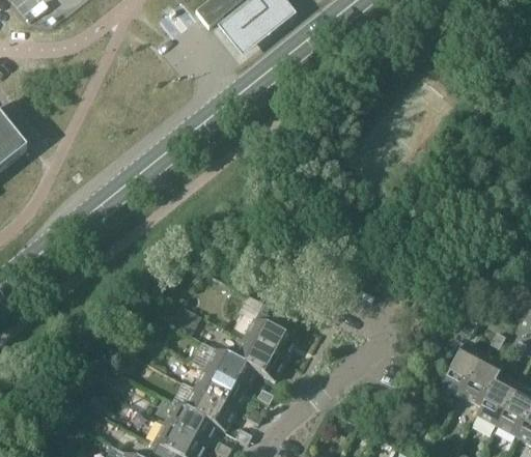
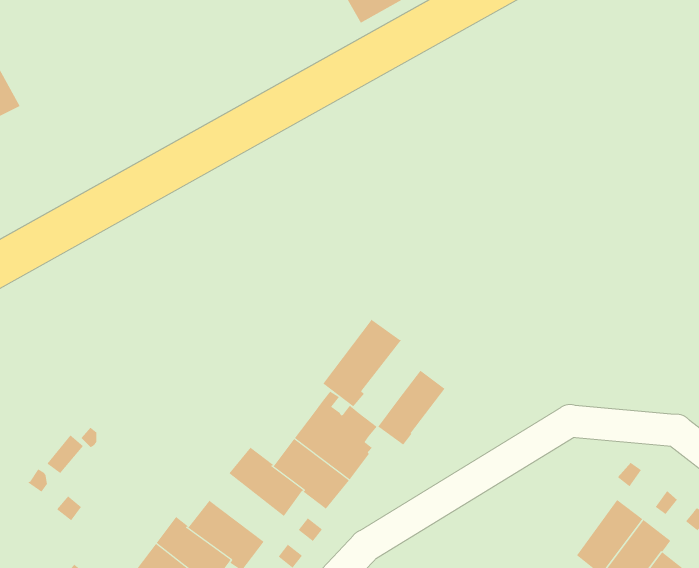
building: none -> [323,318,402,407]
building: none -> [377,370,445,445]
building: [193,369,245,410] -> none

